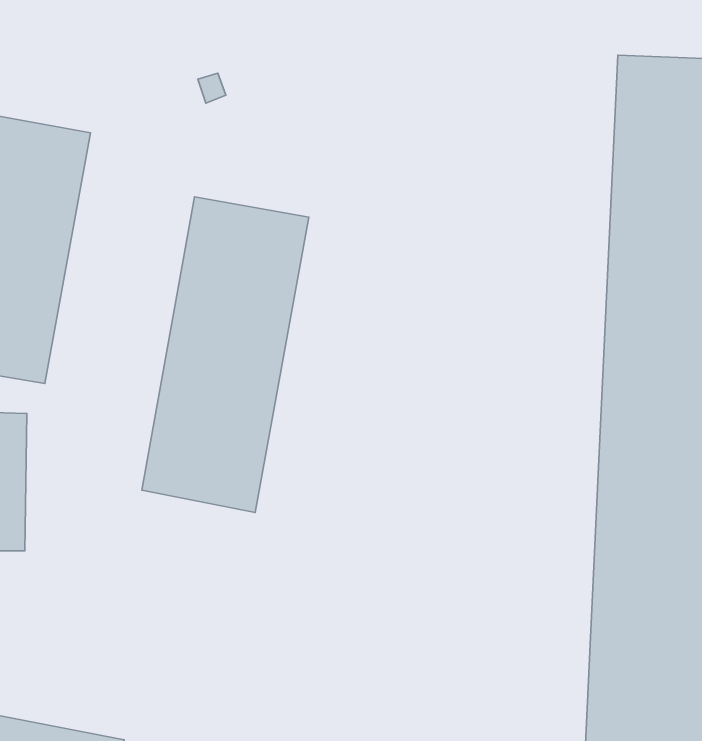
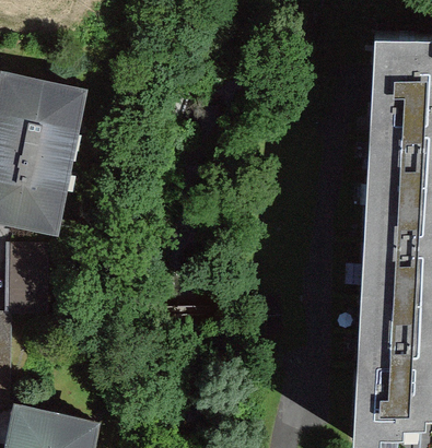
building: [142,197,309,513] -> none

